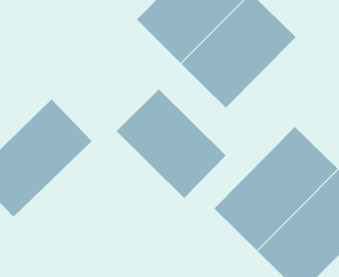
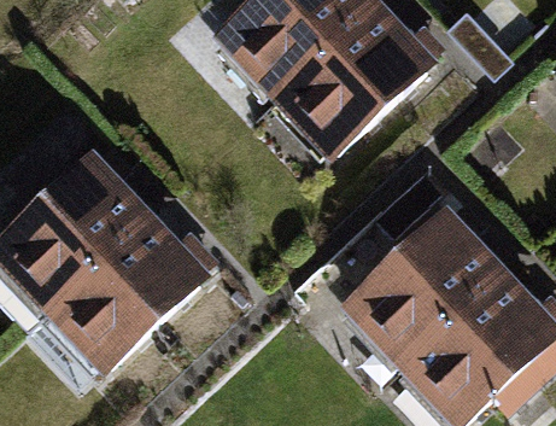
building: [116,89,227,199] -> none
building: none -> [37,212,210,383]

